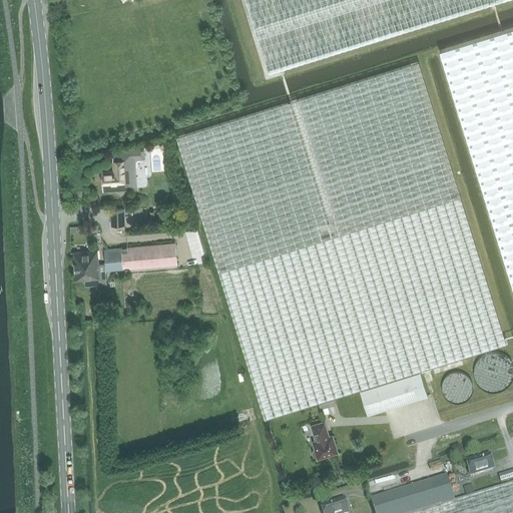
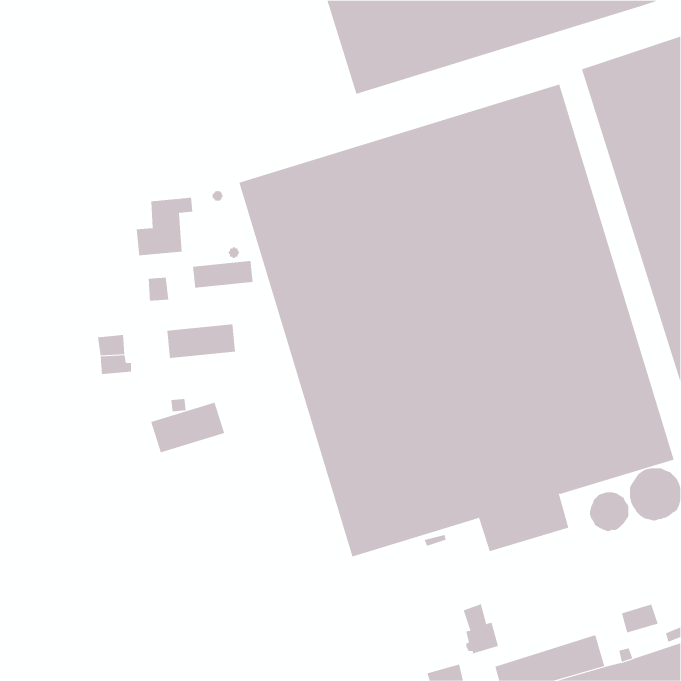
building: none -> [193,260,253,288]
building: [104,248,127,272] -> none
building: none -> [151,402,225,453]
building: [311,423,338,461] -> [463,604,499,654]

